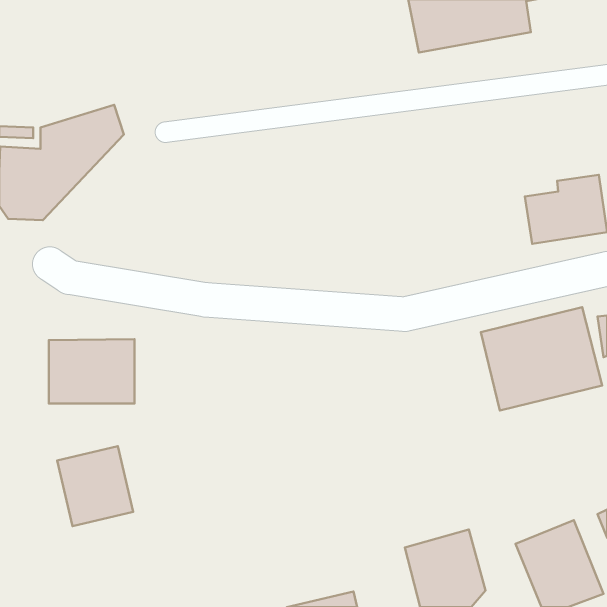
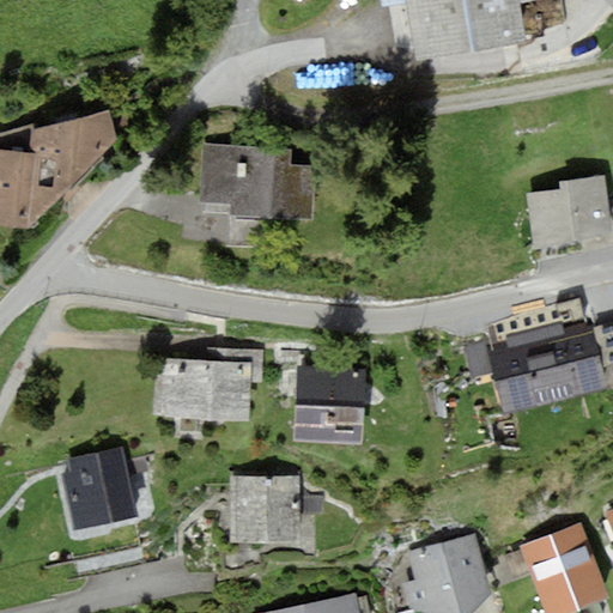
building: none -> [210,145,322,216]
building: [49,339,134,403] -> [164,359,250,424]
building: none -> [292,368,360,445]
building: none -> [224,475,296,547]

